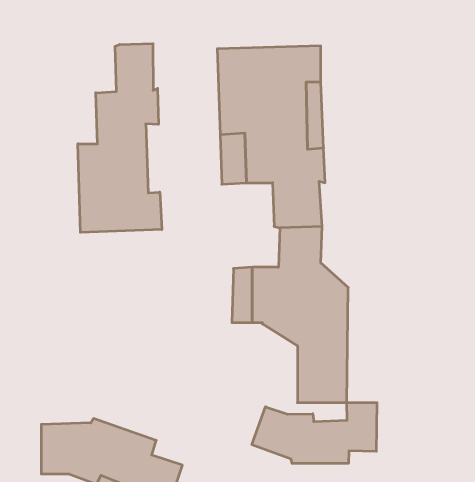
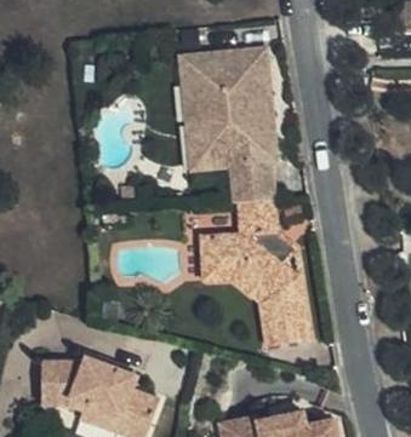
building: [78,44,162,232] -> none
building: [252,403,377,463] -> none

